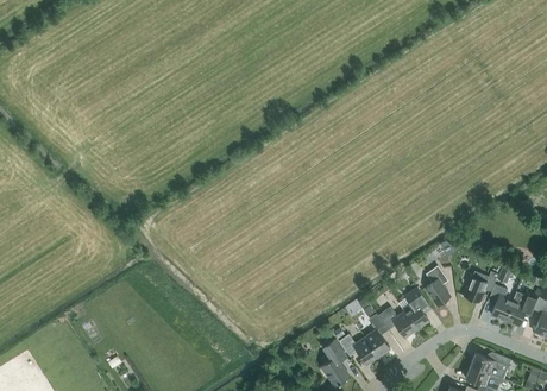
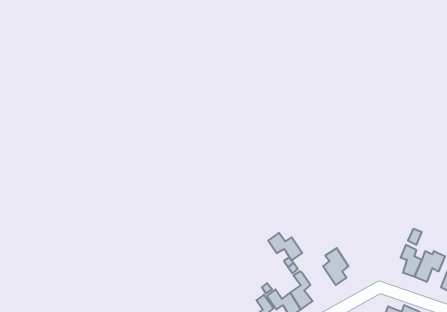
building: [425,266,449,305] -> none
building: [464,271,497,302] -> none
building: [378,307,416,338] -> [268,233,302,261]

